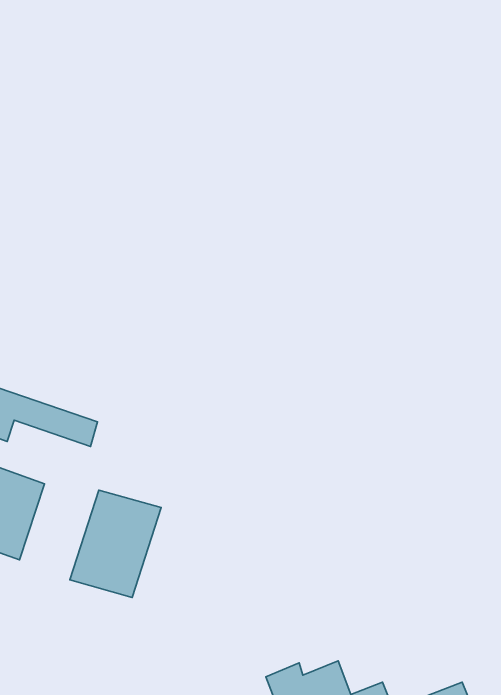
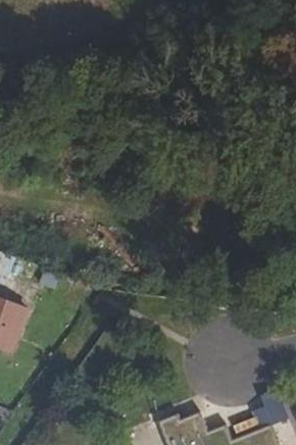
building: [70,490,161,597] -> none

